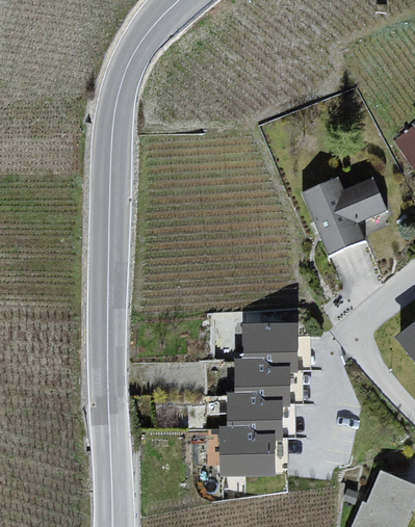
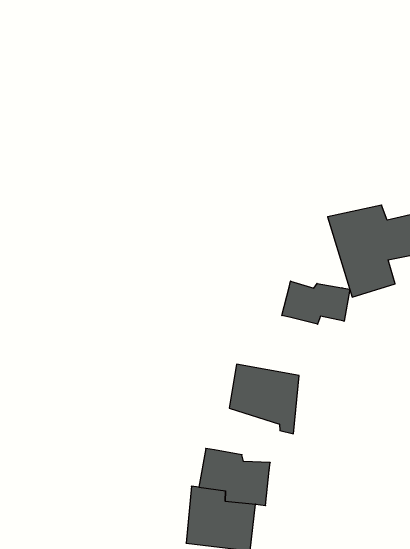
building: none -> [282,281,350,324]
building: [235,359,291,405] -> none

